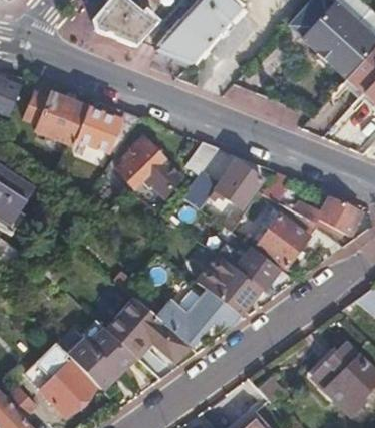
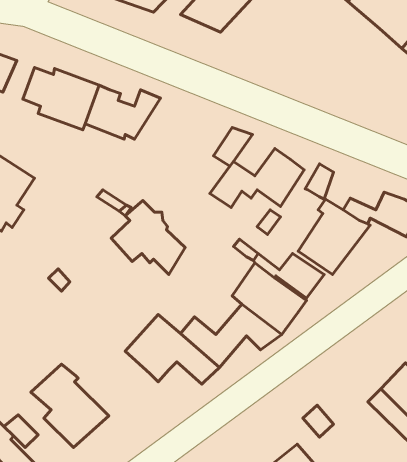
building: [115,137,178,200] -> [111,200,185,275]
building: [67,319,135,384] -> none

